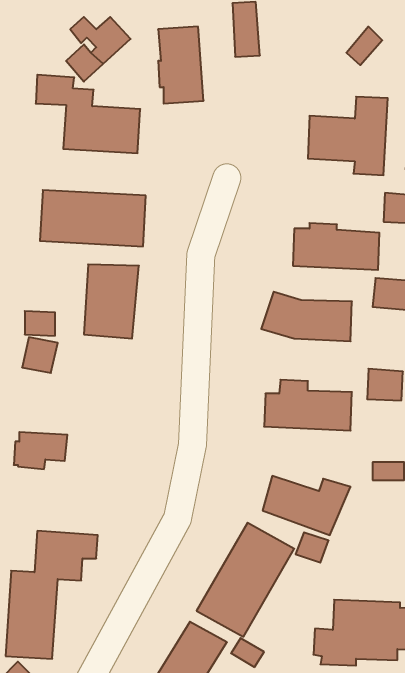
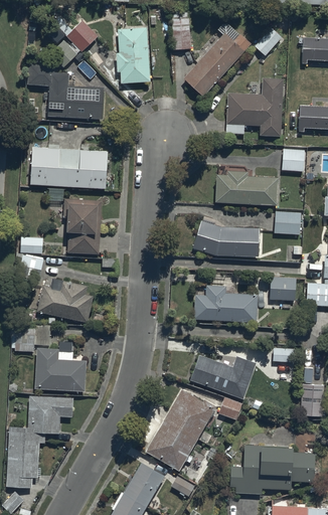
building: none -> [184,31,251,96]
building: none -> [39,278,97,323]
building: none -> [36,348,88,391]

